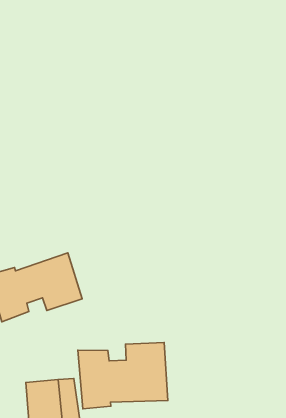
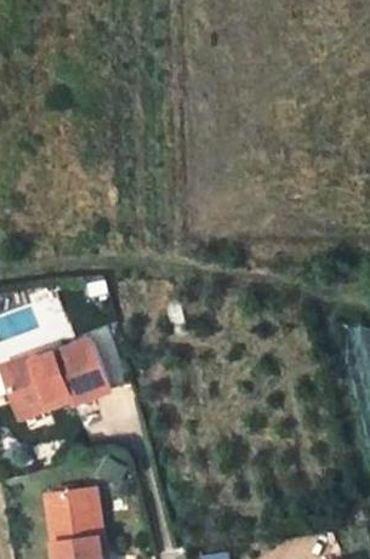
building: [78,342,168,409] -> none

